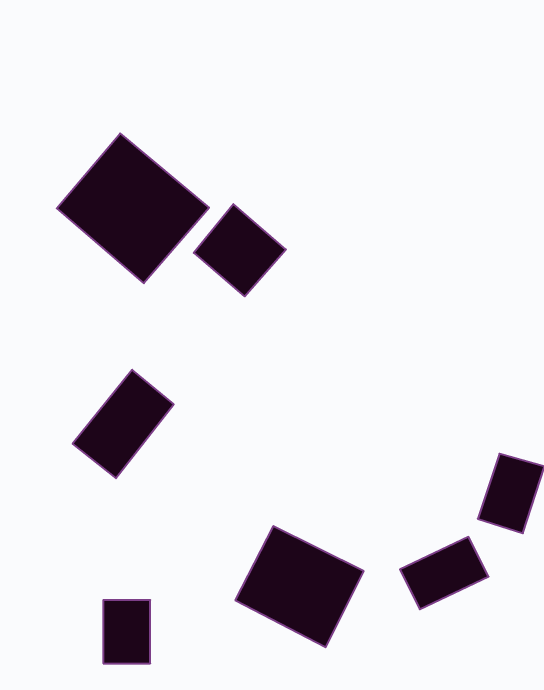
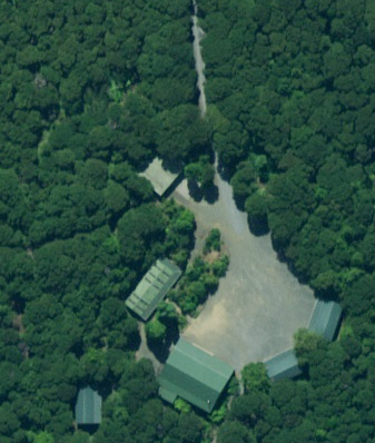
building: [57,133,209,283] -> none
building: [73,370,174,478] -> [121,253,184,319]

